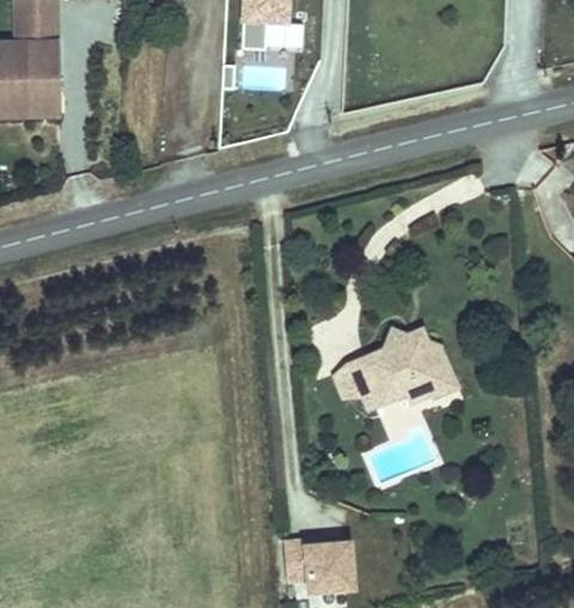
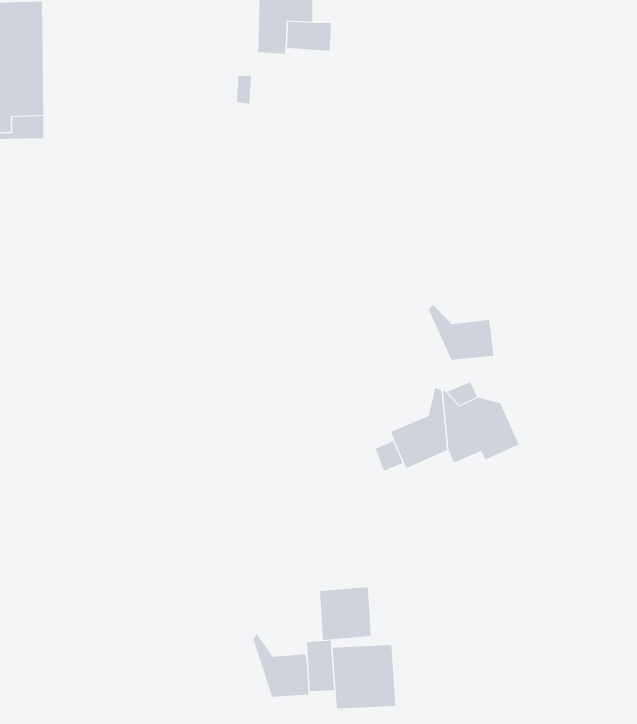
building: none -> [428,304,494,361]
building: none -> [319,586,371,641]
building: none -> [253,633,309,697]

